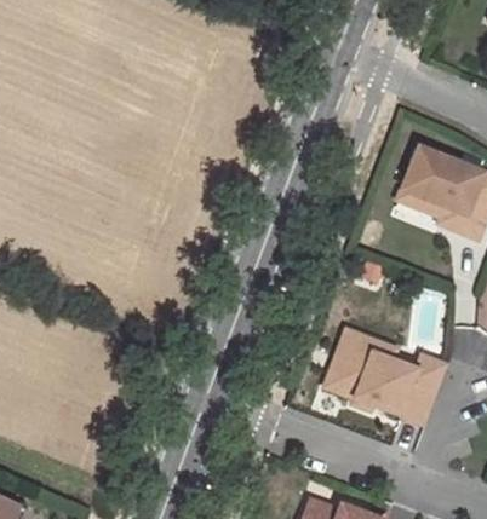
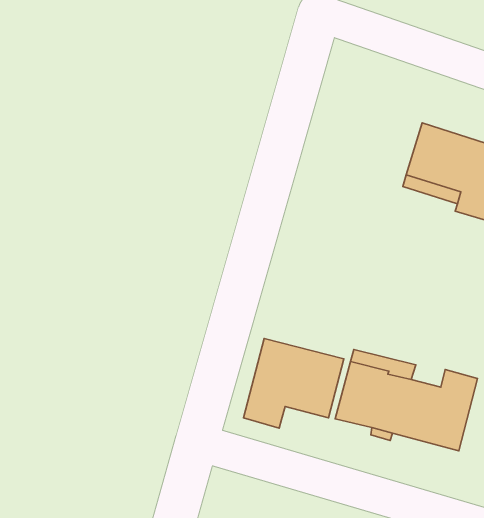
building: none -> [243,338,344,428]

